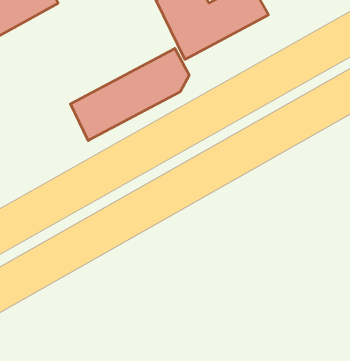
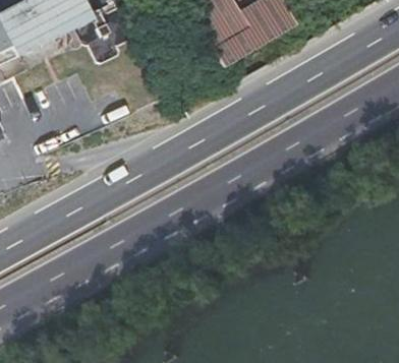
building: [70,48,189,141] -> none

